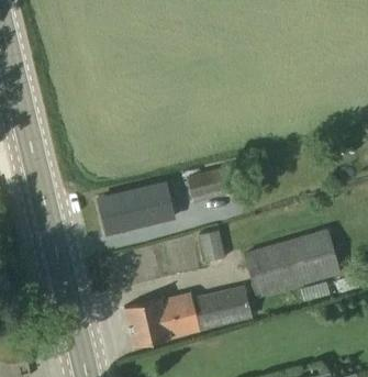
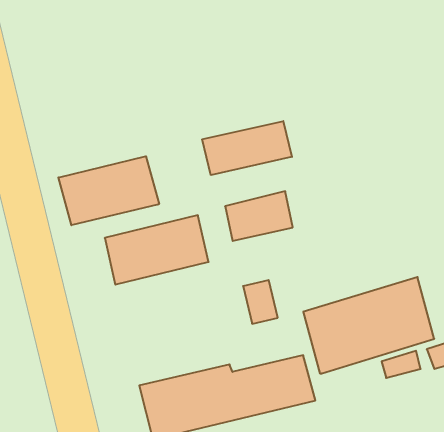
building: none -> [202,121,292,175]
building: none -> [58,156,159,225]

